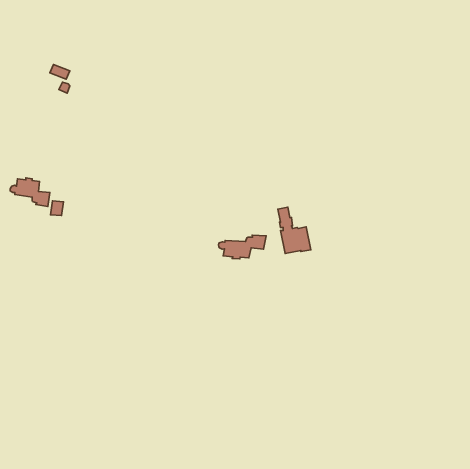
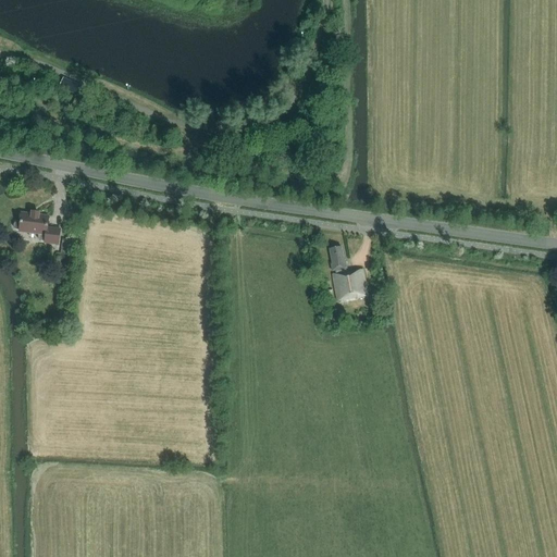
building: [218,235,266,259] -> none

